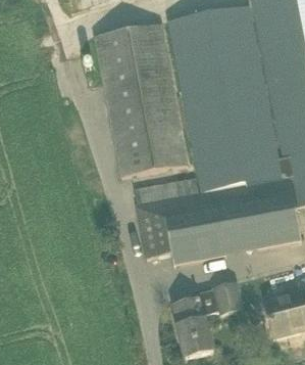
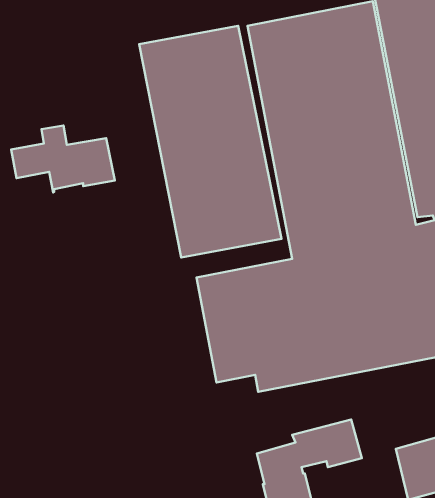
building: none -> [11,125,115,192]

